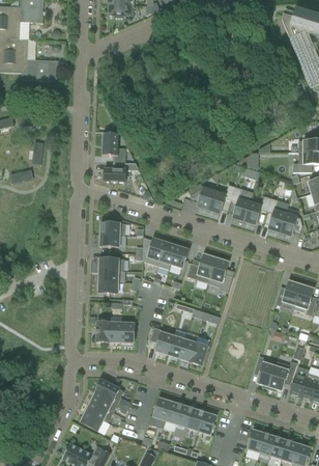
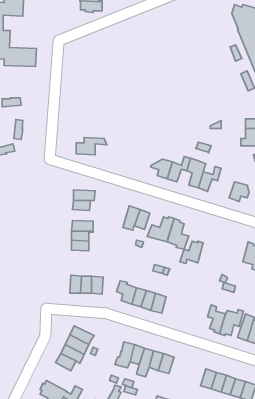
building: [103,133,125,162] -> none
building: [266,197,289,231] -> none
building: [142,238,165,266] -> none
building: [274,280,301,306] -> [180,241,203,264]

